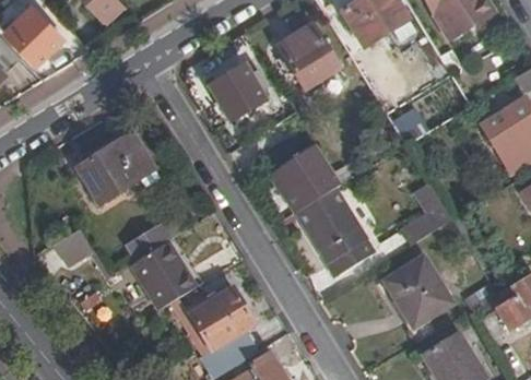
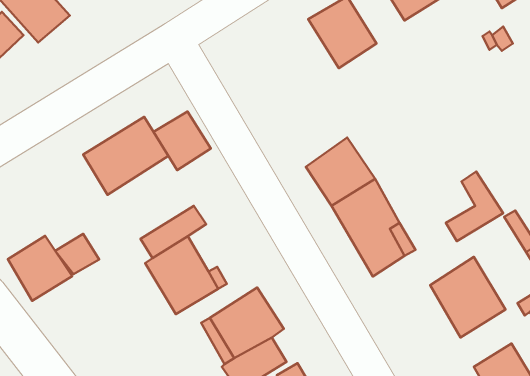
building: [211,66,264,120] -> none
building: none -> [154,111,211,170]
building: none -> [8,236,72,301]

